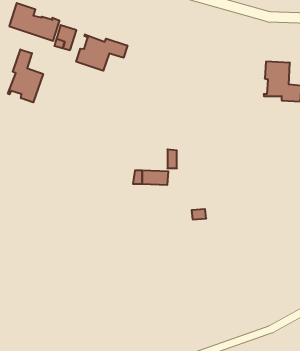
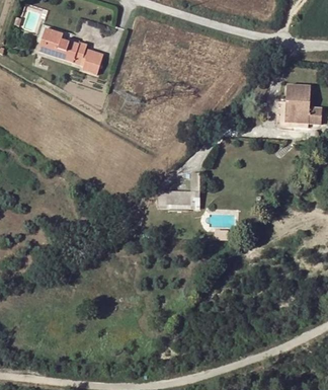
building: [76,34,127,71] -> none
building: [8,49,43,102] -> none

